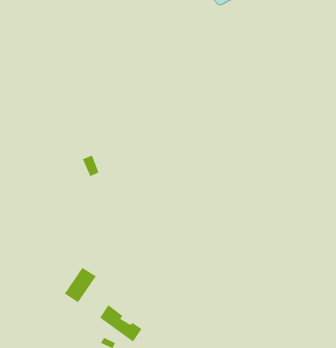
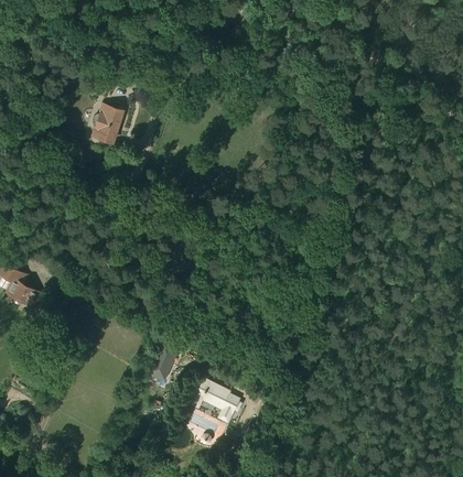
building: none -> [93,104,127,145]

